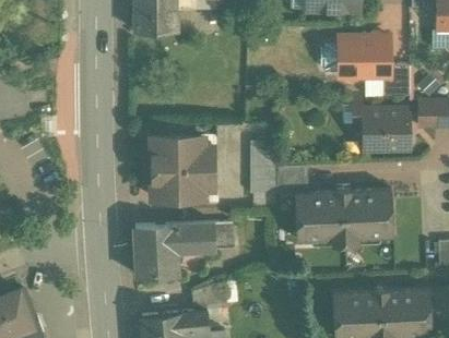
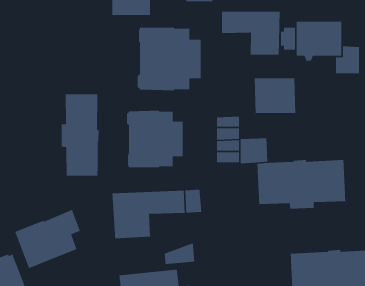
building: none -> [221,11,280,56]
building: none -> [137,27,201,91]
building: [363,109,410,149] -> [254,77,296,114]
building: none -> [61,94,99,177]
building: none -> [14,209,81,269]

